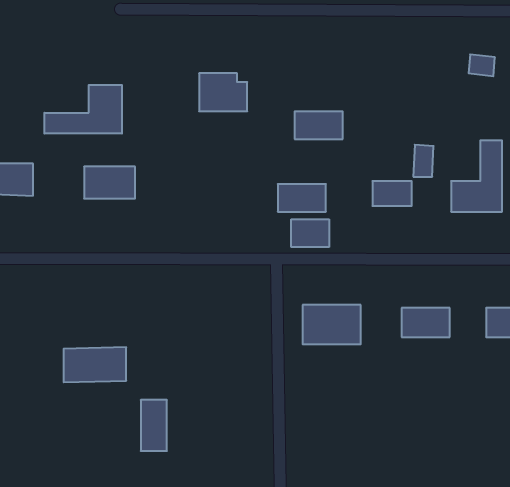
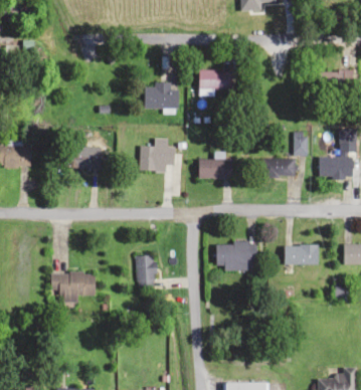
building: [44,85,122,134] -> none
building: [295,111,343,139] -> [198,69,231,88]
building: none -> [140,138,176,171]
building: [291,219,329,247] -> none
building: [141,400,167,451] -> [137,255,155,290]

